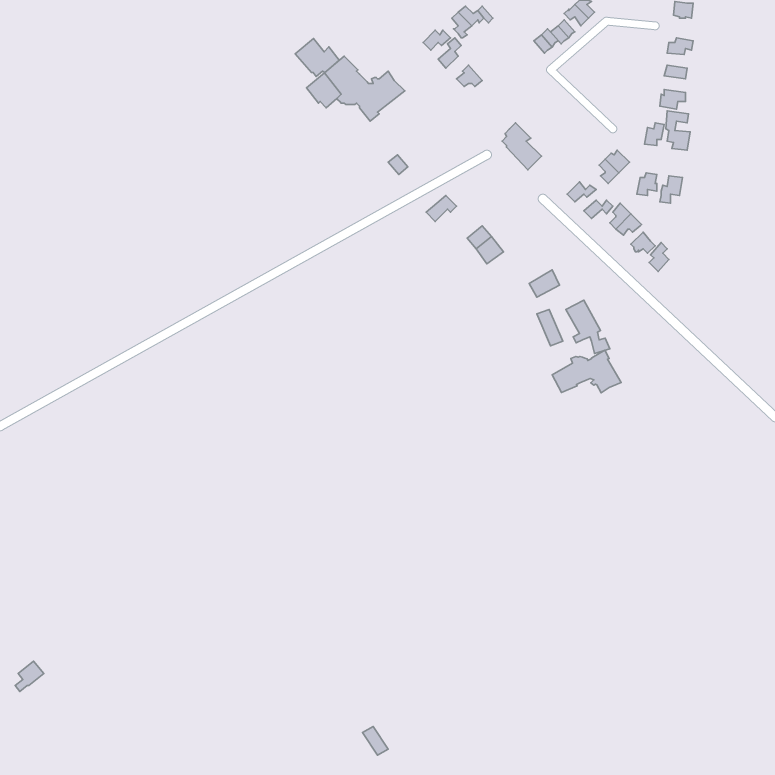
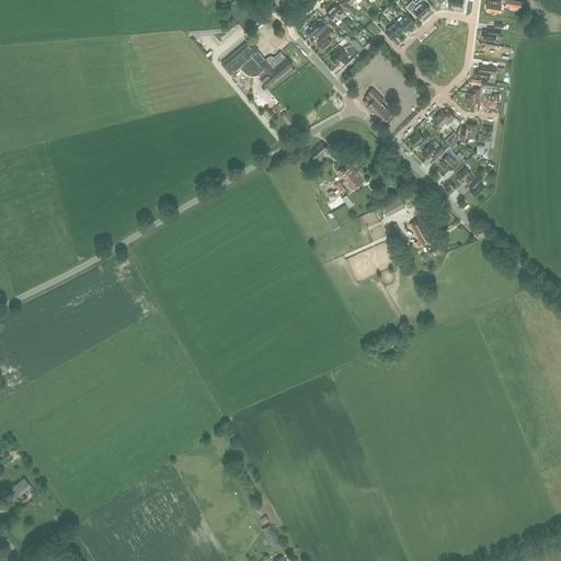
building: [295,38,339,76] -> none
building: [552,350,621,393] -> none

